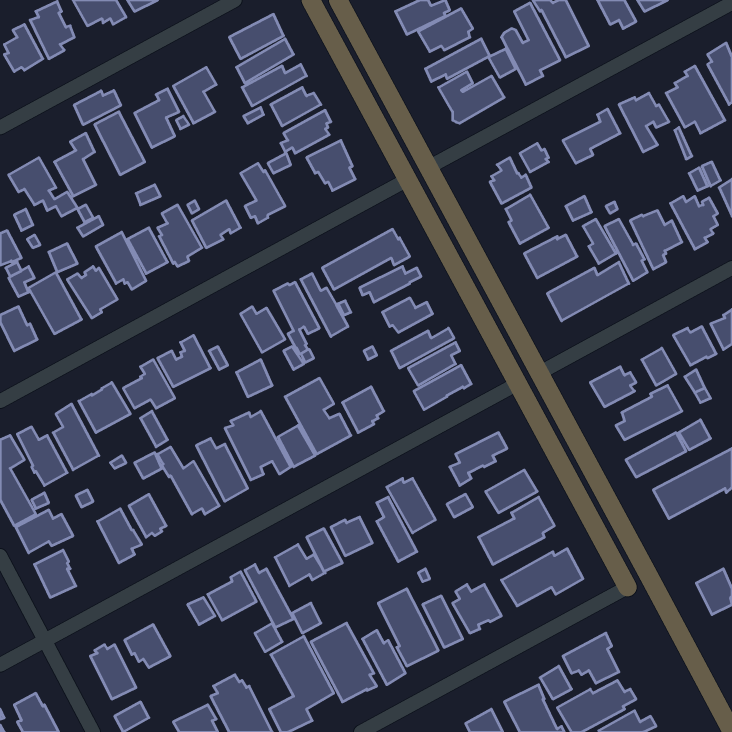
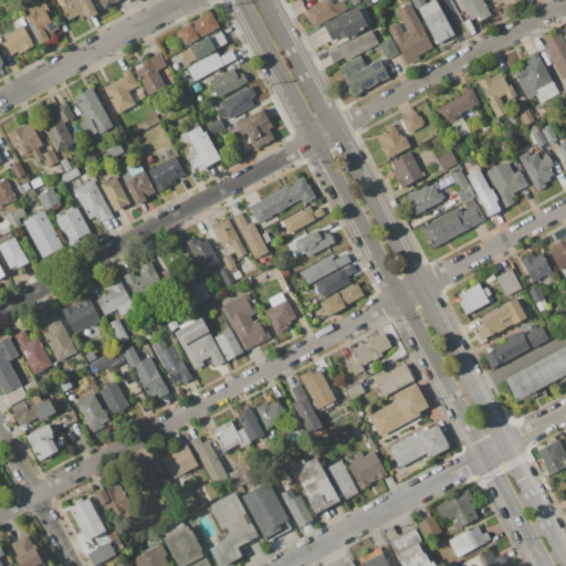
building: [74,90,121,125] -> none

